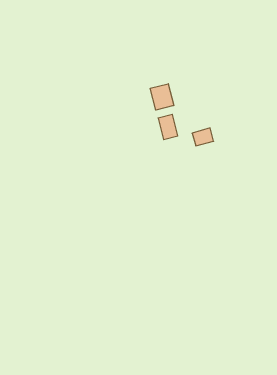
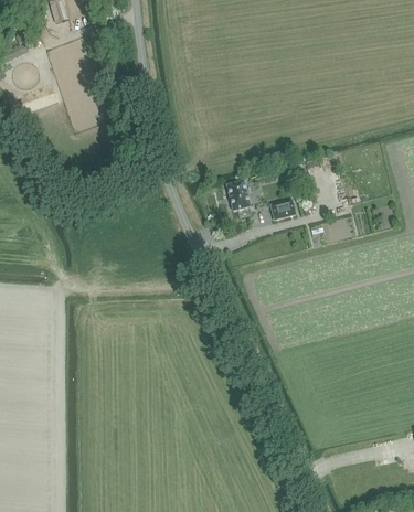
building: [150,84,174,110] -> none

